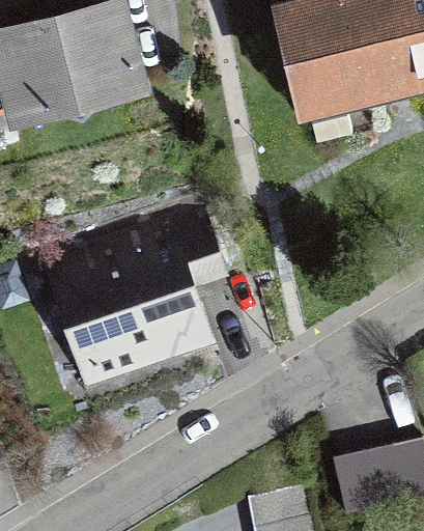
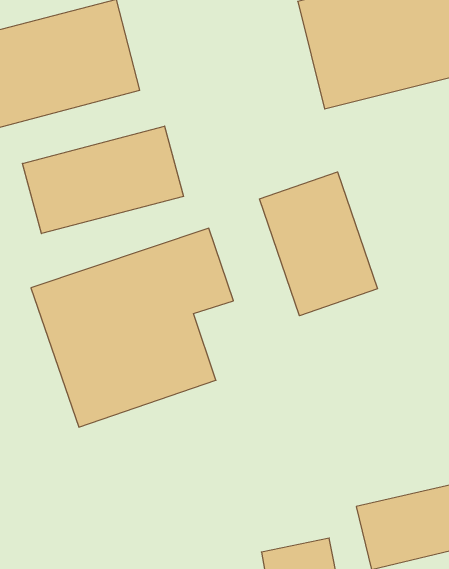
building: none -> [22,126,184,234]
building: none -> [260,172,377,316]

